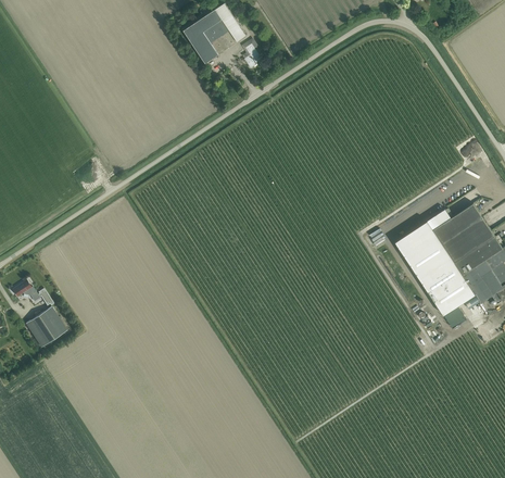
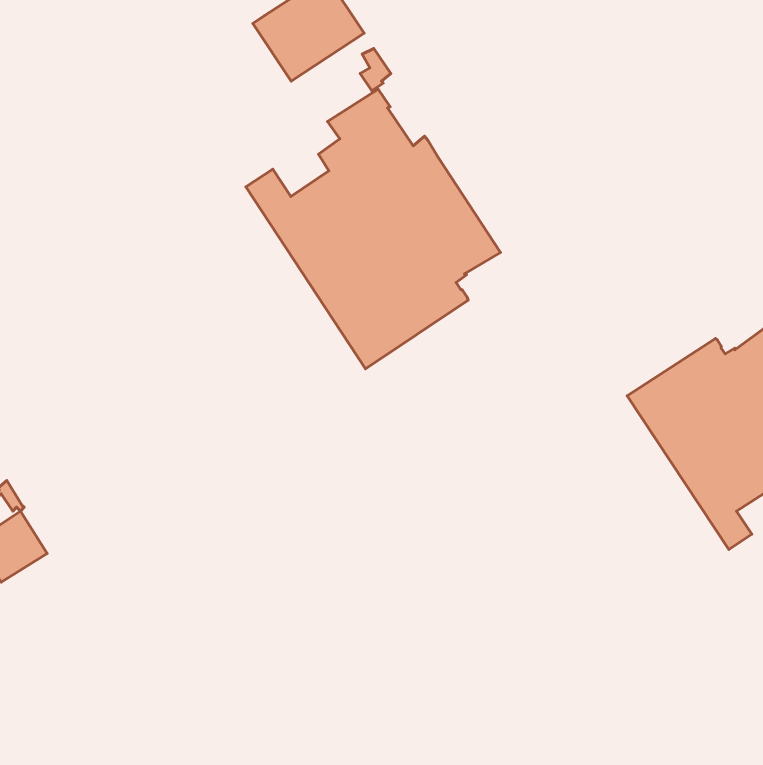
building: none -> [246,89,501,369]

